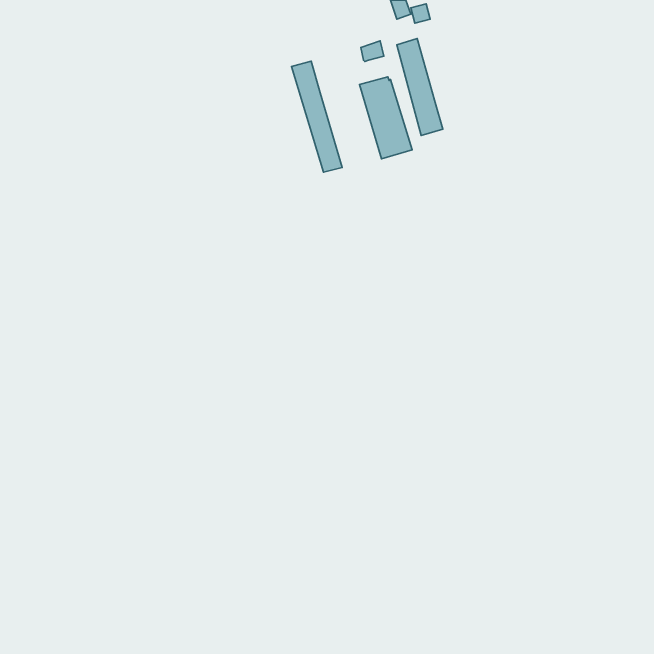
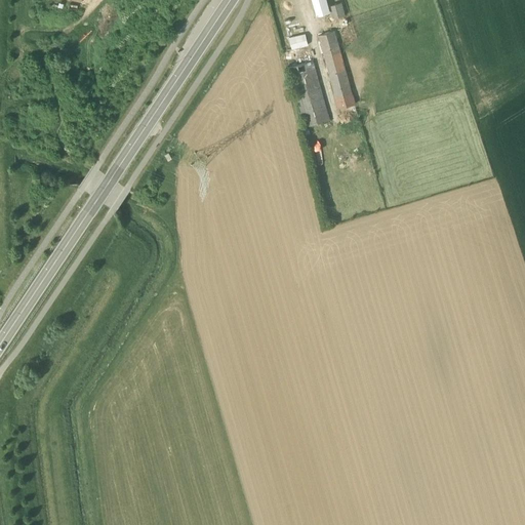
building: [291,61,342,172] -> none

